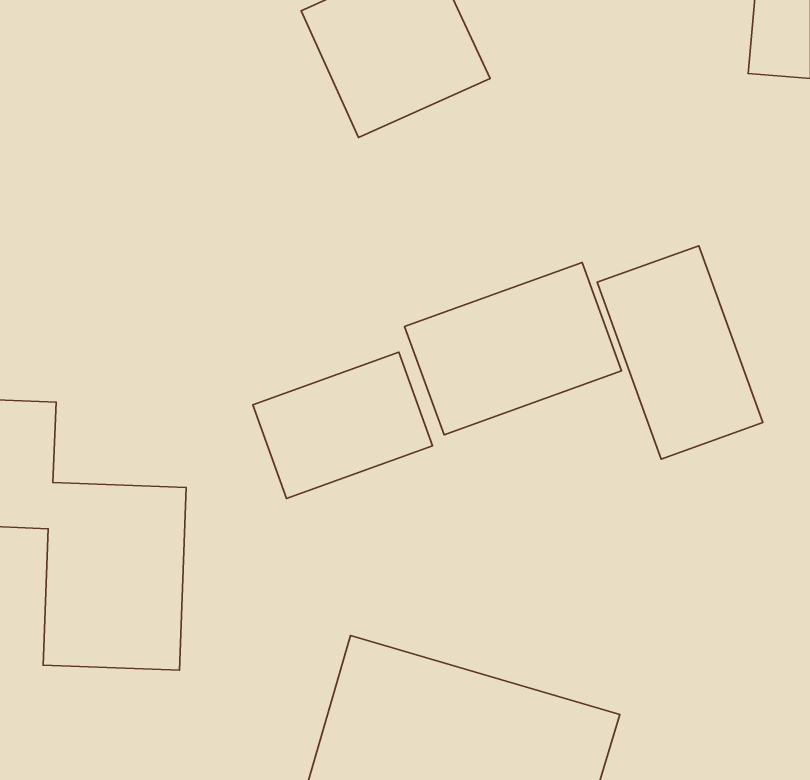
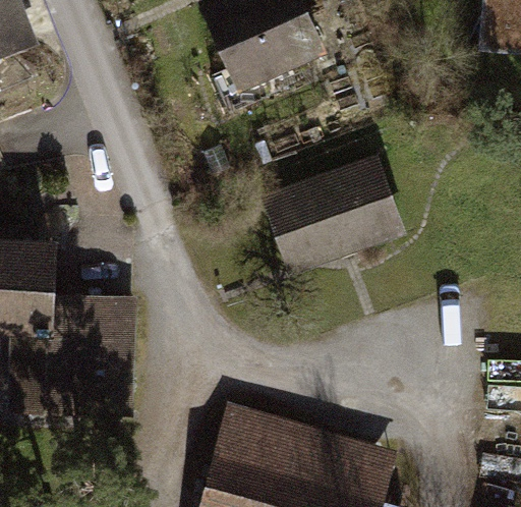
building: [597,246,763,459] -> none
building: [253,352,432,499] -> none

